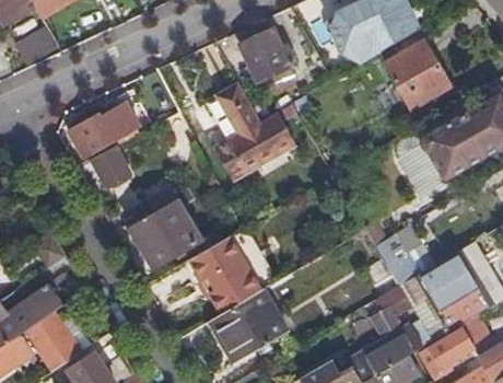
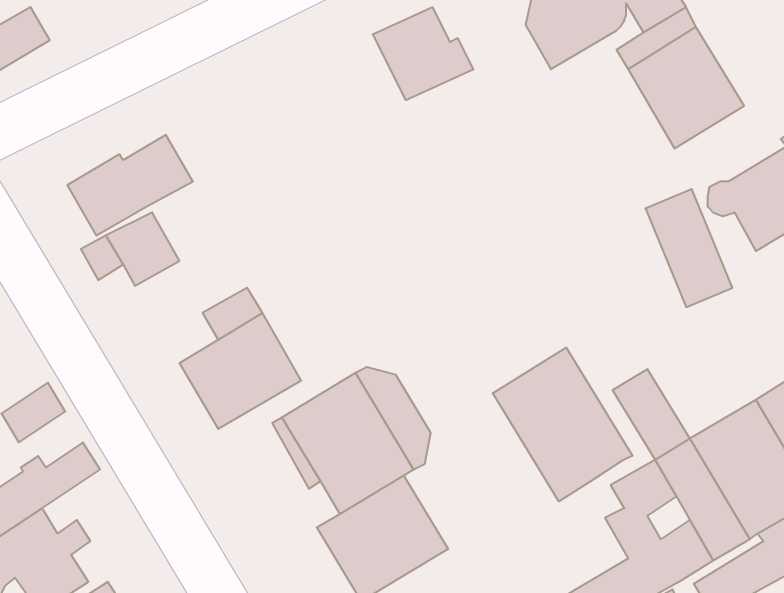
building: [214,81,295,181] -> none
building: none -> [493,348,632,501]

